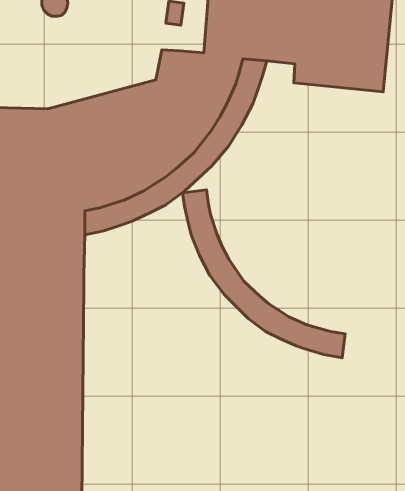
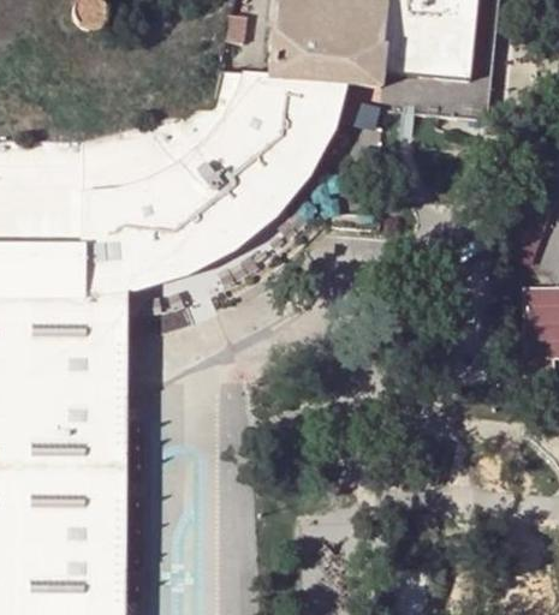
building: [182,190,345,358] -> none

